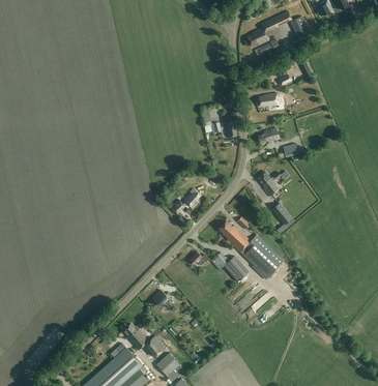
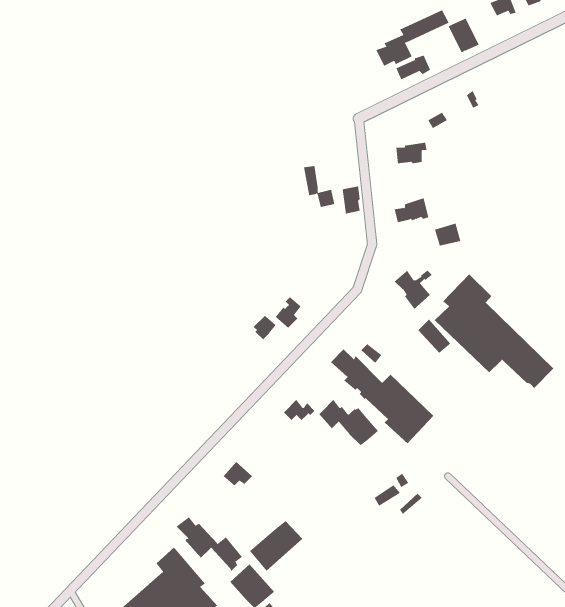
building: none -> [434,274,554,389]
building: none -> [249,520,303,571]

